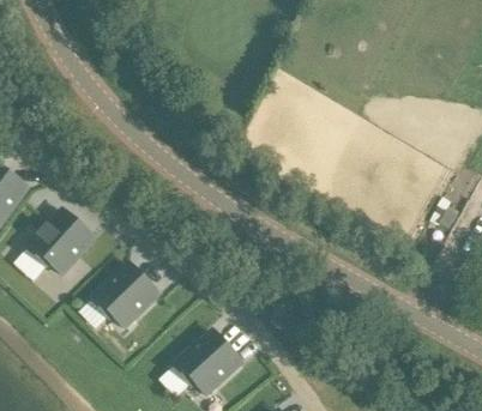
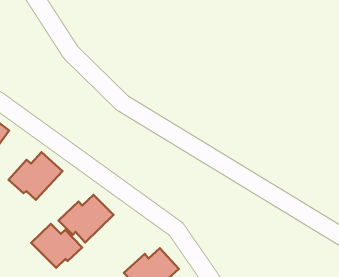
building: none -> [31,224,82,268]

